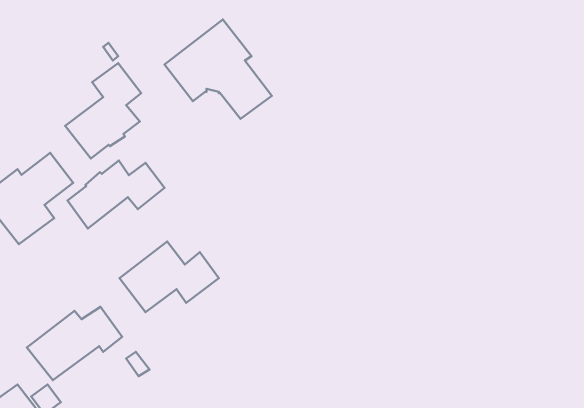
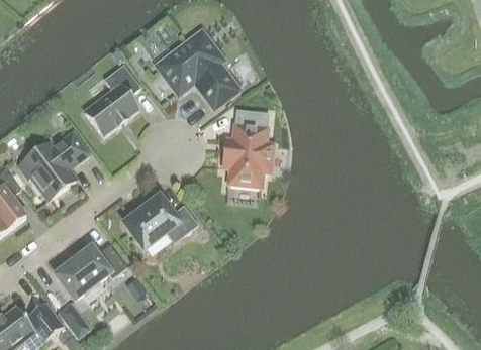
building: none -> [222,110,272,187]
building: [67,160,165,228] -> none

